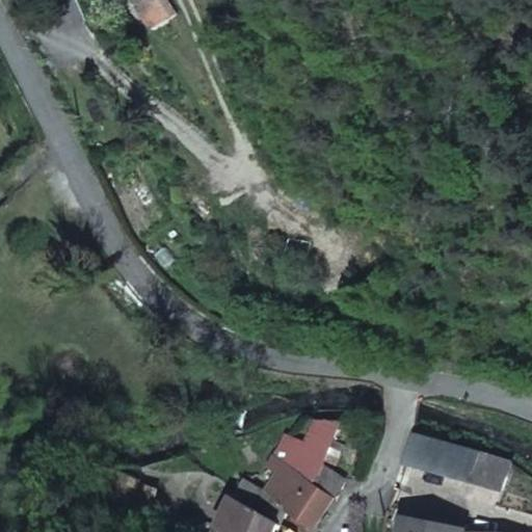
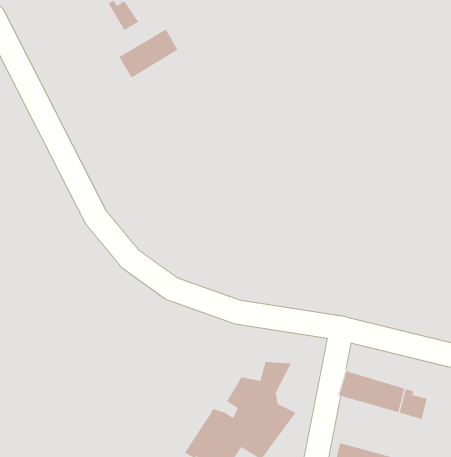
building: none -> [119,29,178,79]

